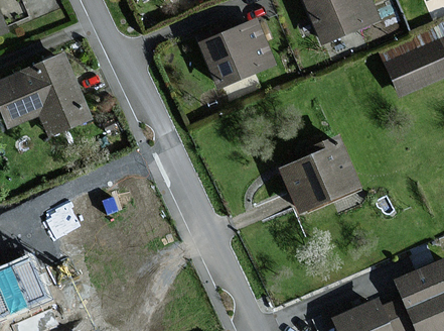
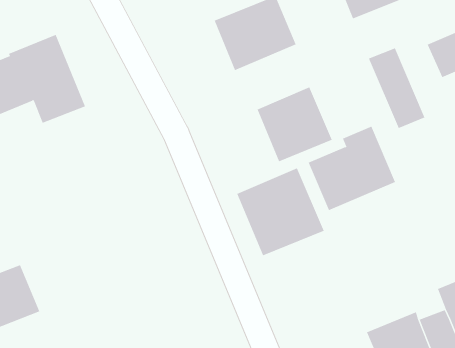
building: none -> [368,47,425,129]
building: none -> [257,87,332,162]
building: none -> [237,167,324,256]

